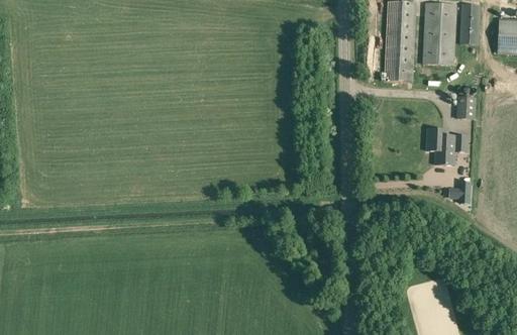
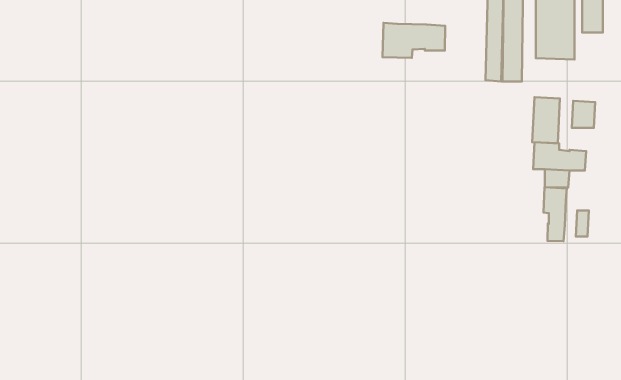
building: none -> [383,23,445,58]
building: none -> [532,97,560,143]
building: none -> [544,187,567,241]

